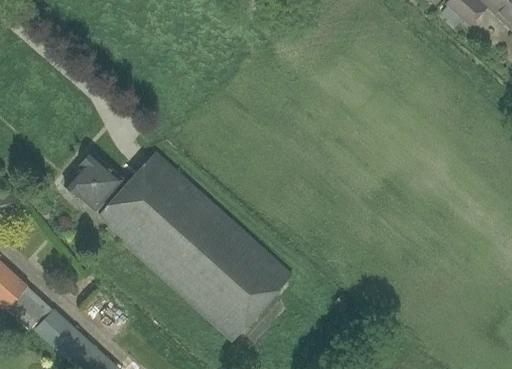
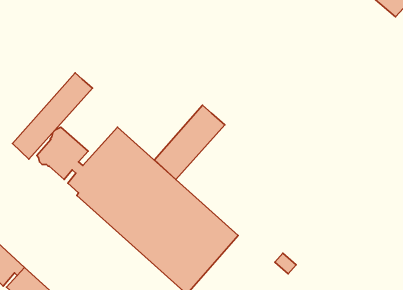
building: none -> [12,73,93,159]
building: none -> [154,105,225,179]

